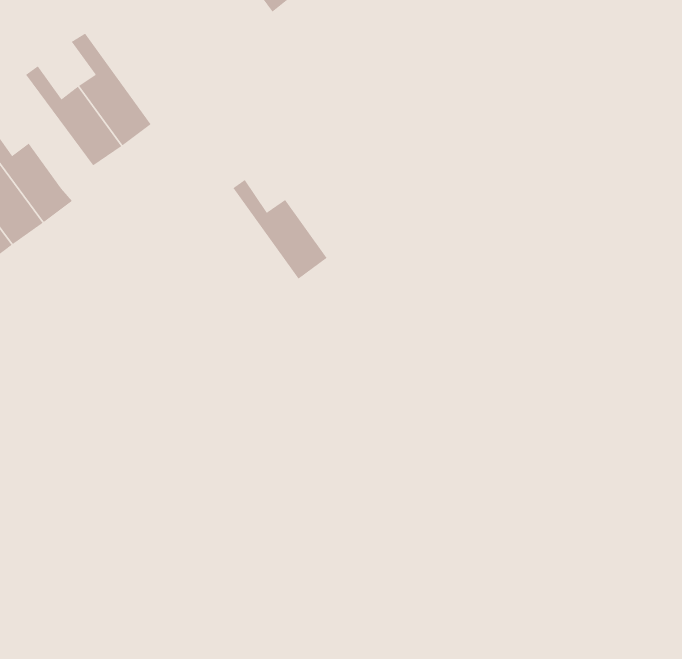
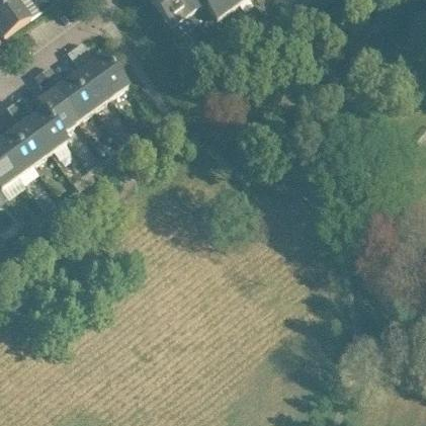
building: none -> [33,68,79,131]
building: [232,179,327,280] -> [75,39,127,95]

